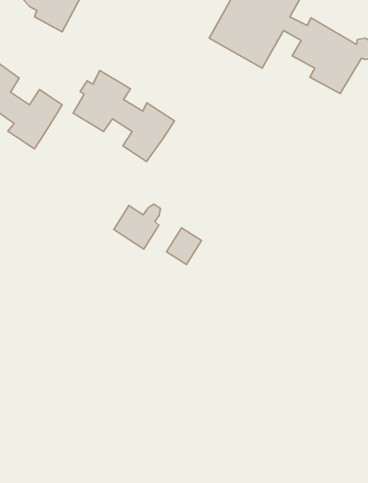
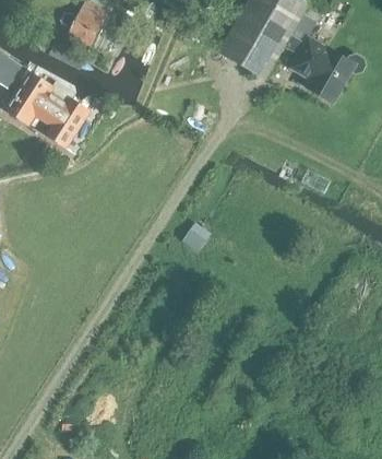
building: [73,71,175,161] -> none
building: [114,204,161,249] -> none

